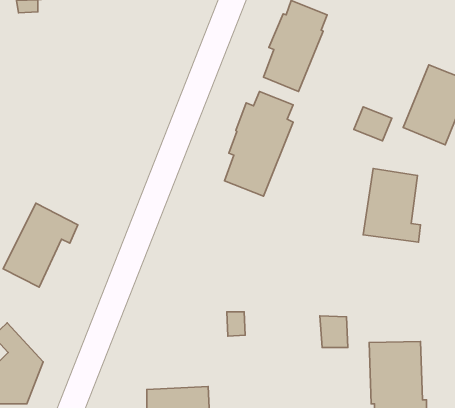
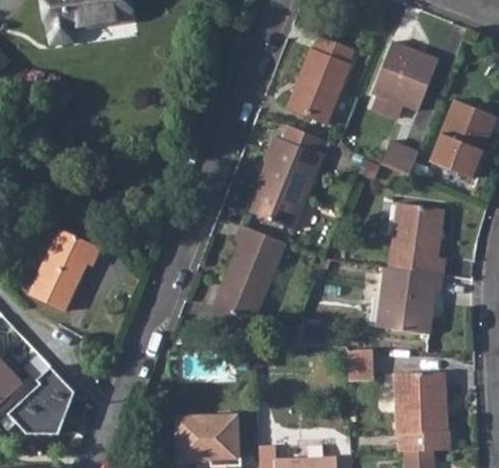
building: none -> [371,42,438,112]
building: none -> [214,225,286,322]
building: none -> [376,267,443,332]

